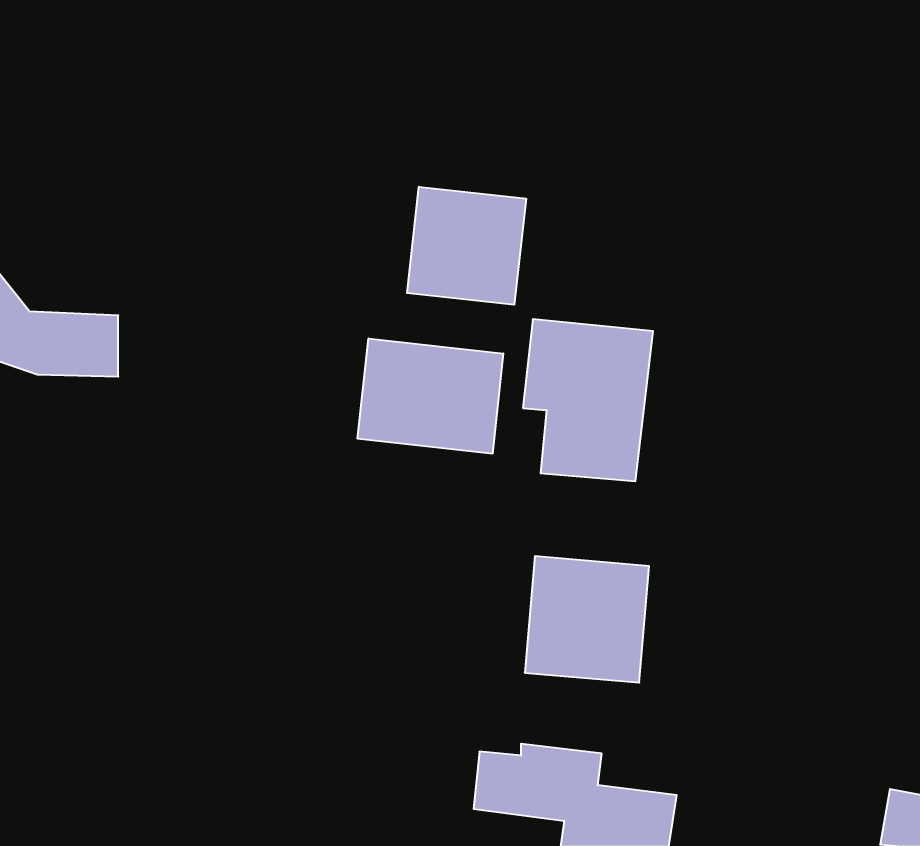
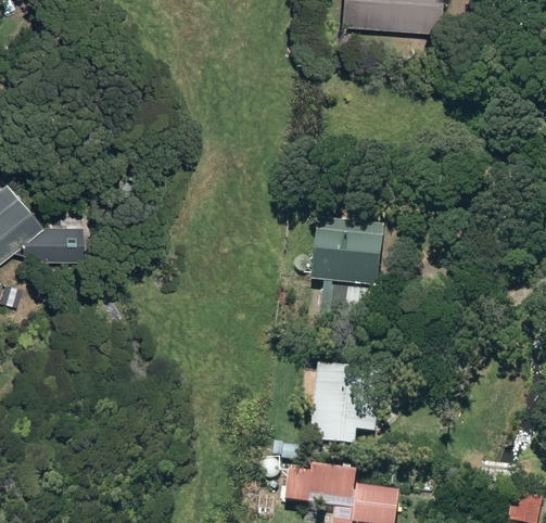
building: [407,187,526,305] -> none
building: [358,338,503,454] -> none

